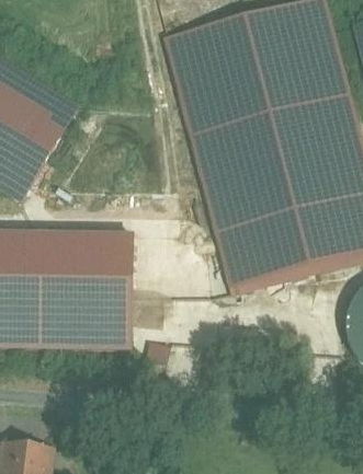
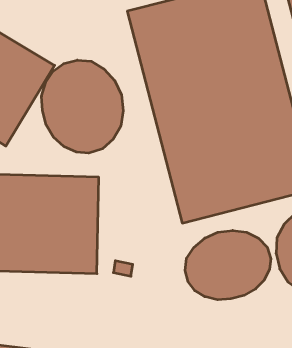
building: none -> [42,60,123,153]
building: none -> [185,230,271,300]

